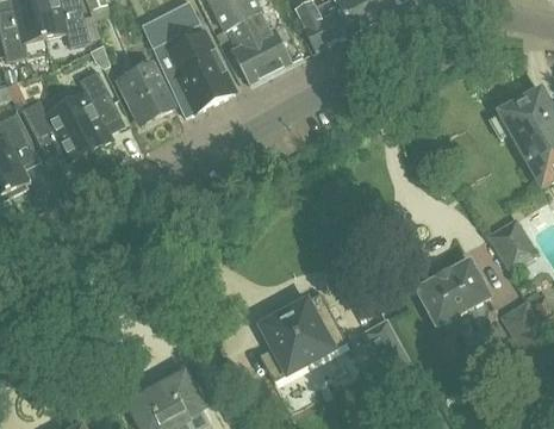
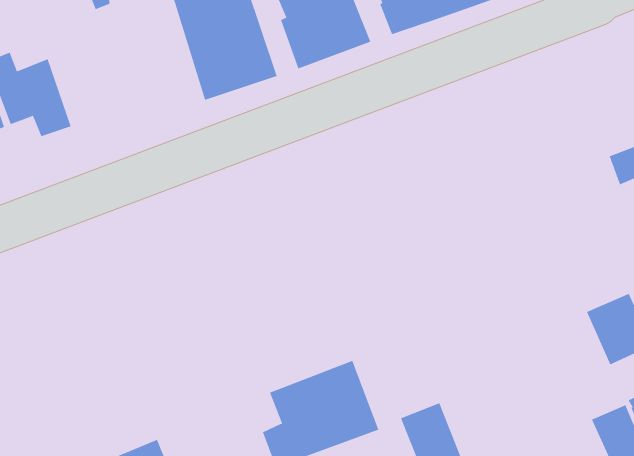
building: [117,63,174,124] -> none
building: [66,69,119,149] -> none
building: [415,259,491,327] -> none

